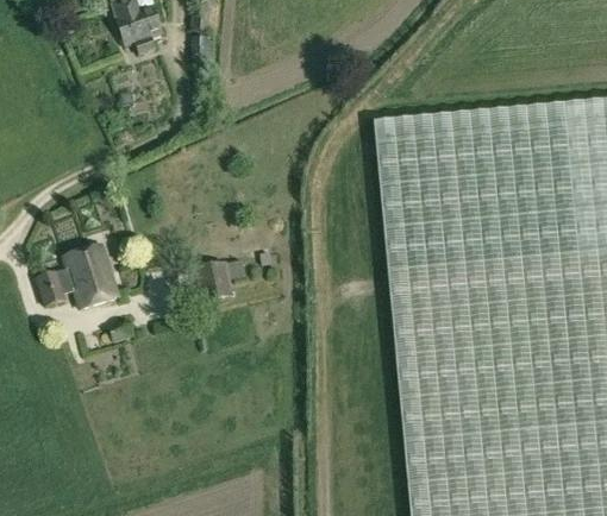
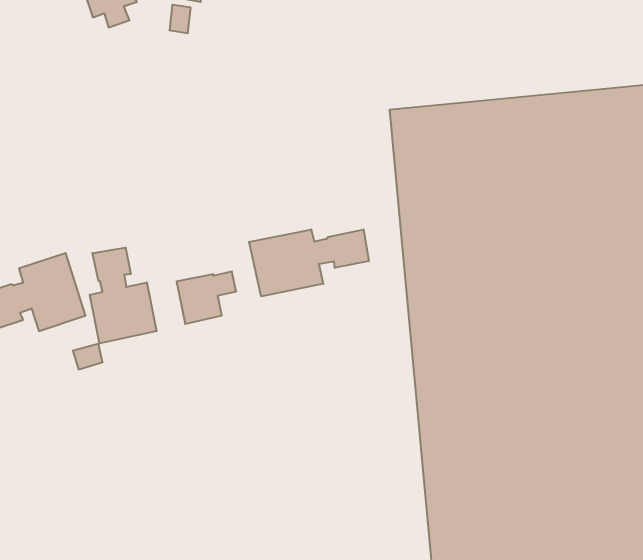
building: none -> [249,229,369,296]
building: none -> [90,247,157,344]

